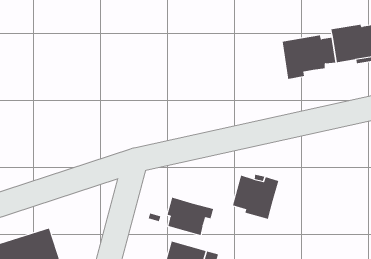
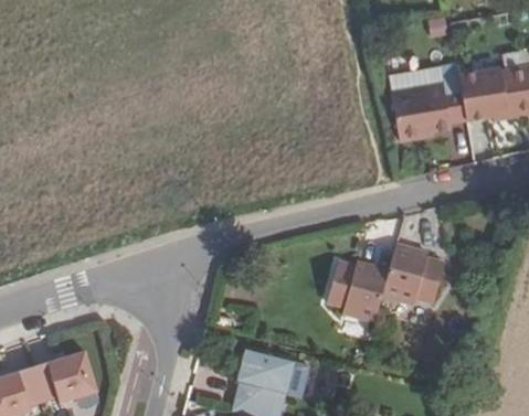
building: none -> [383,250,445,310]
building: [167,197,214,236] -> none

